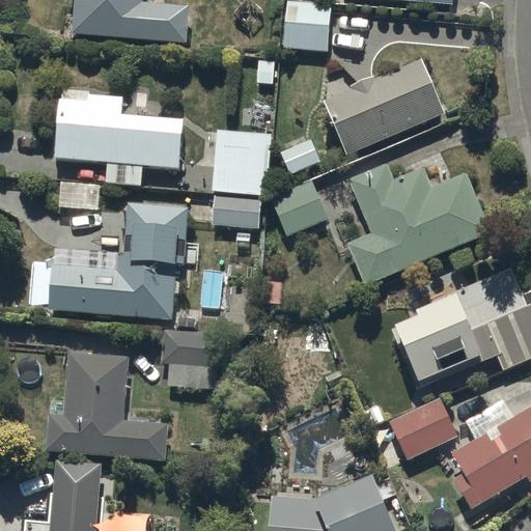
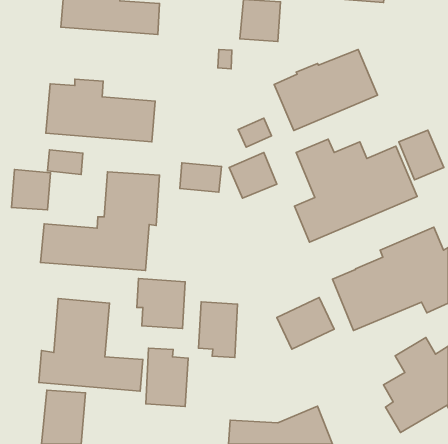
building: [212,129,271,193] -> none
building: none -> [399,130,444,180]
building: none -> [12,169,51,210]
building: none -> [198,302,237,358]
building: [389,397,456,458] -> [277,297,334,349]
building: none -> [146,348,188,407]

